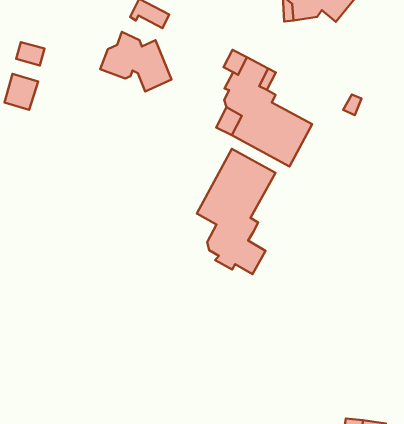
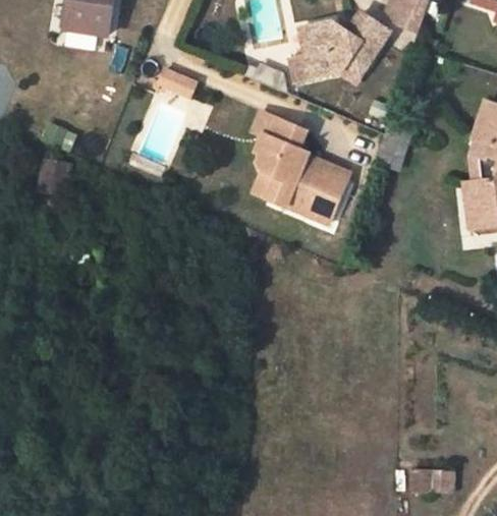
building: [100,32,172,91] -> none
building: [197,149,275,274] -> none

